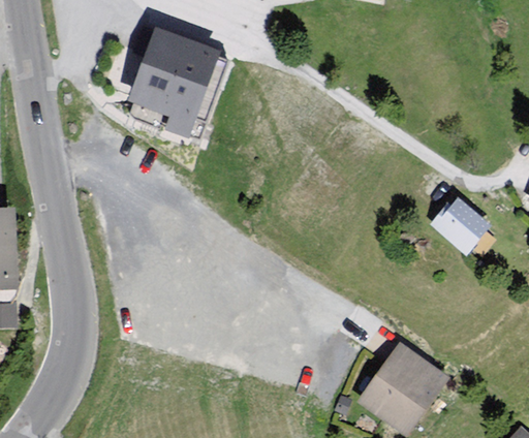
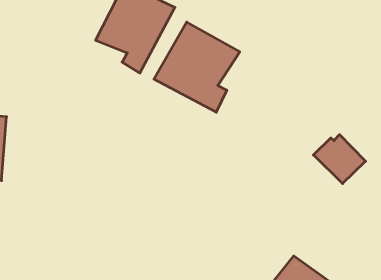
building: none -> [154,22,240,112]

